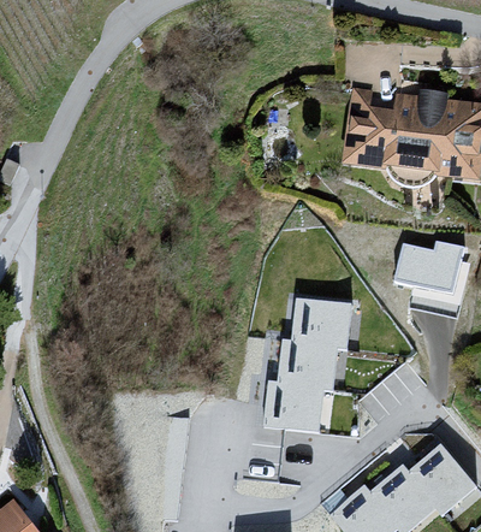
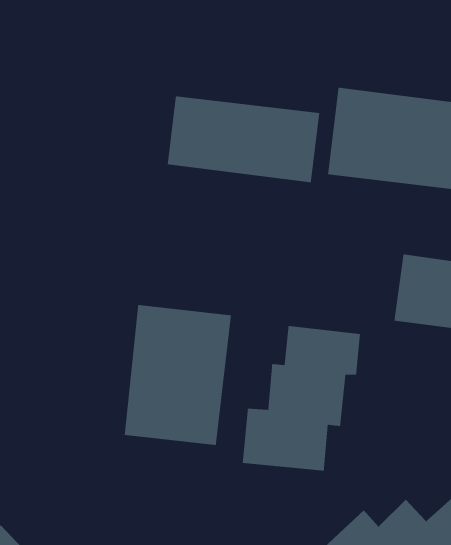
building: none -> [167,95,320,183]
building: none -> [124,304,232,446]

